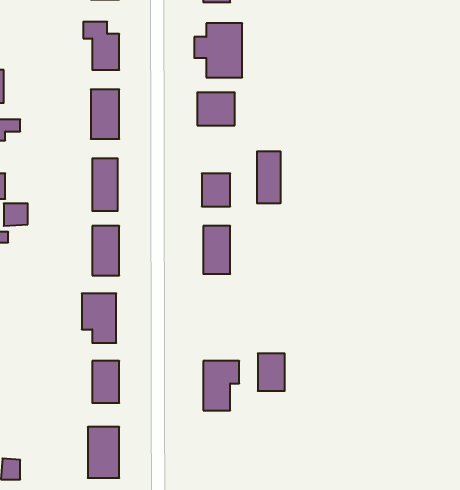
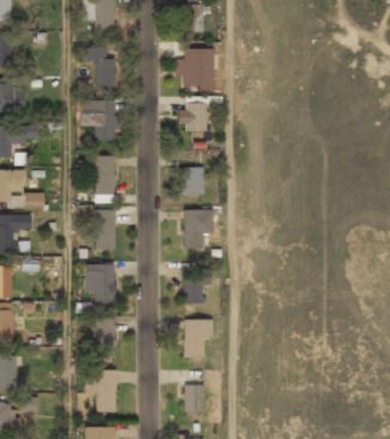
building: [257,151,280,203] -> none
building: [258,353,285,391] -> [184,274,206,304]
building: none -> [183,385,203,413]

